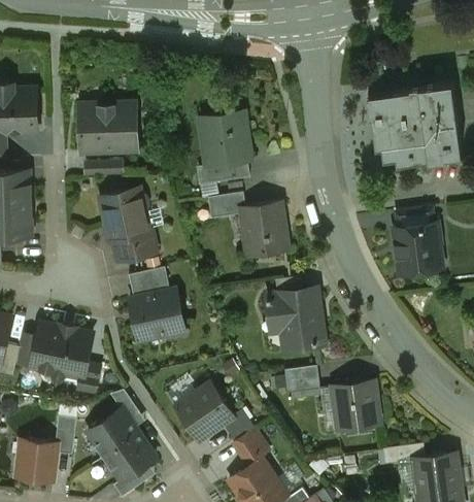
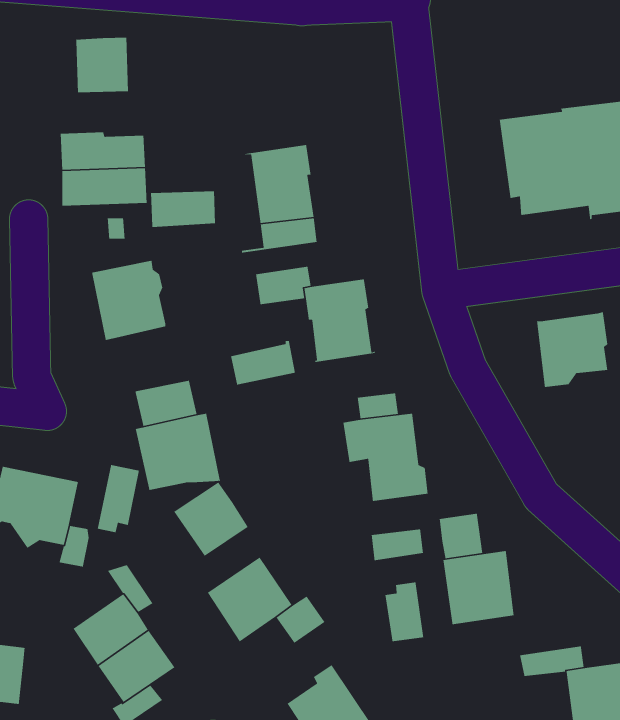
building: none -> [75,37,129,93]
building: none -> [150,190,216,228]
building: [395,208,434,229] -> none
building: [113,231,157,261] -> [230,340,296,386]
building: none -> [97,464,140,533]
building: none -> [173,482,248,557]
building: none -> [439,513,483,559]
building: none -> [384,582,424,642]
building: [56,416,76,456] -> none
building: [232,430,267,464] -> none

